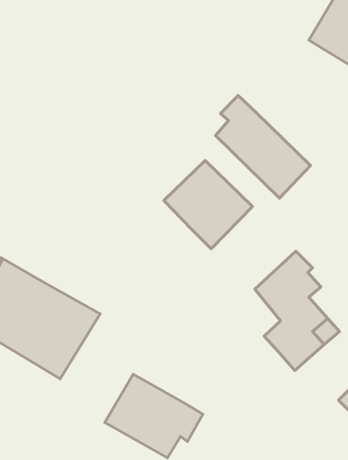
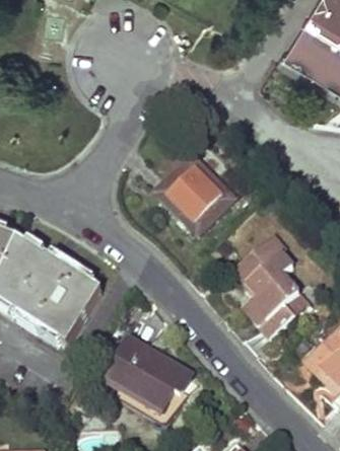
building: [215,95,310,198] -> none

